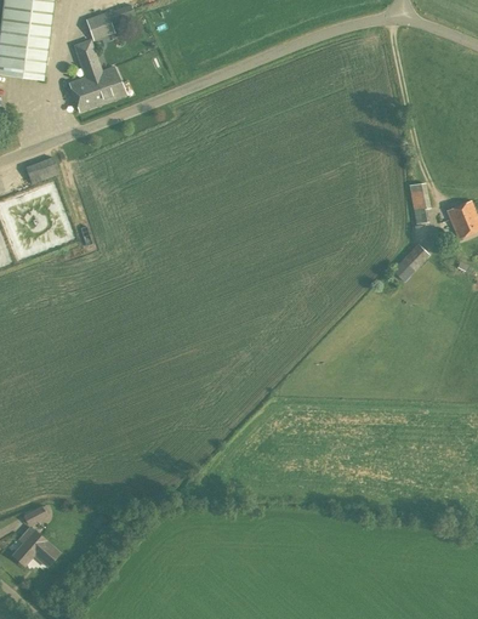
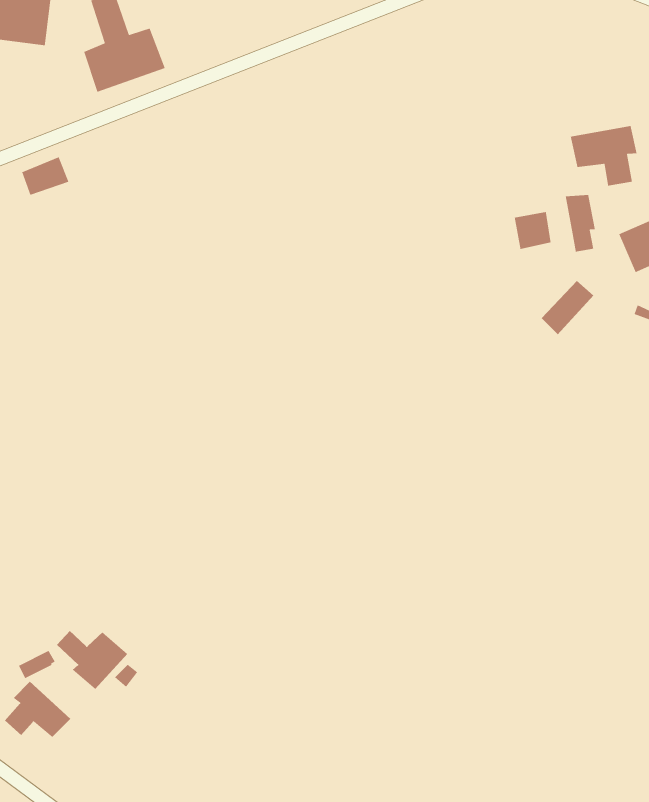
building: none -> [570,125,637,186]
building: none -> [514,211,552,250]
building: none -> [56,630,128,690]

